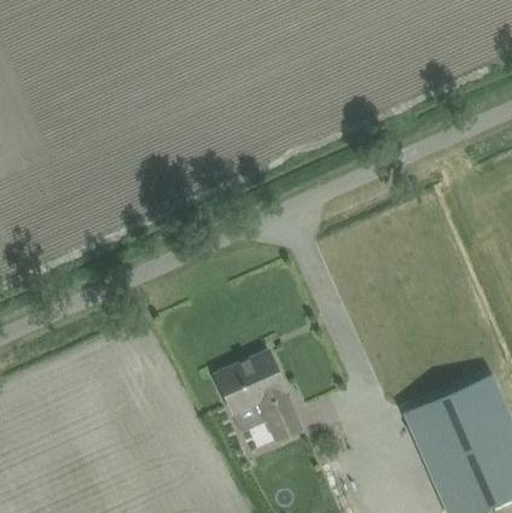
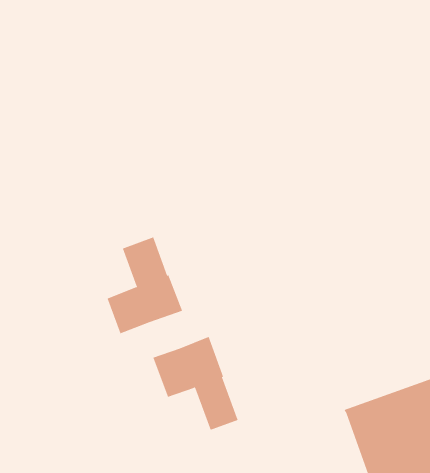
building: none -> [107,236,183,334]

